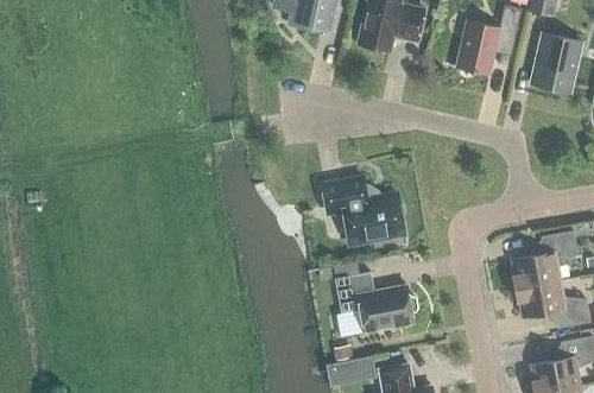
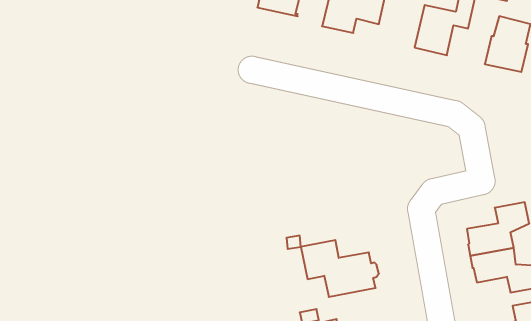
building: [322,177,404,245] -> none

